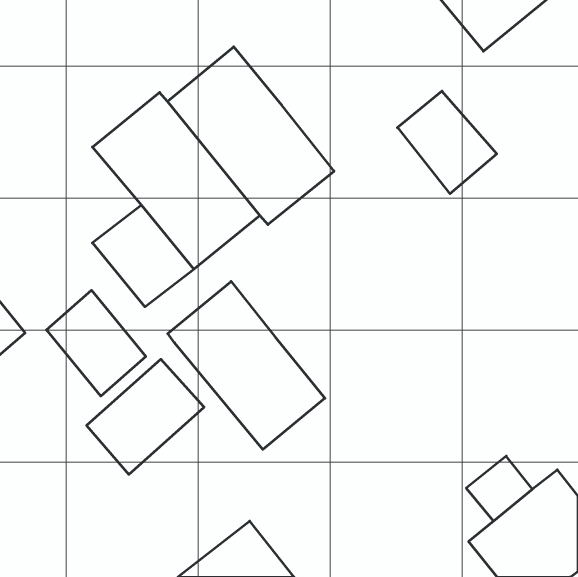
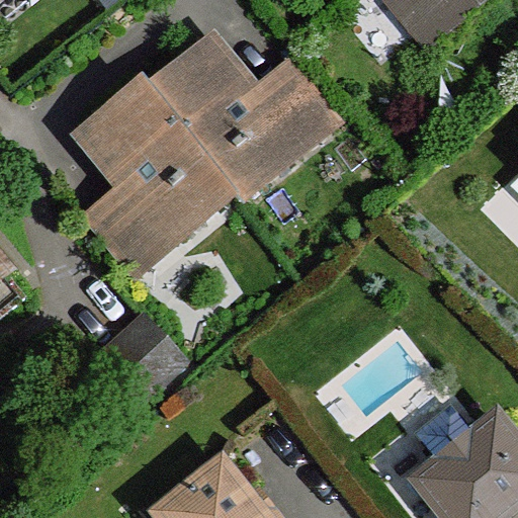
building: [397,91,497,194] -> [250,61,338,152]
building: [168,281,325,449] -> none
building: [46,290,146,396] -> none

